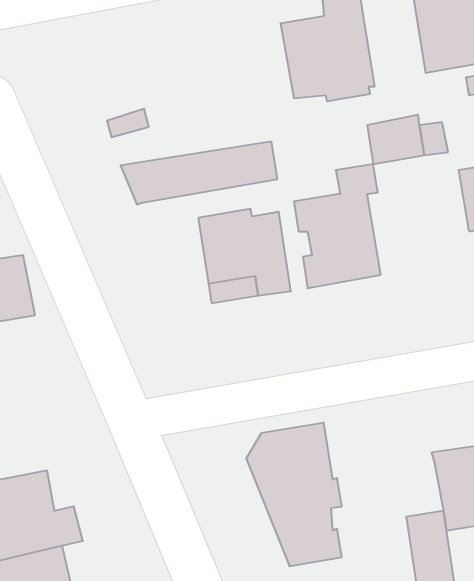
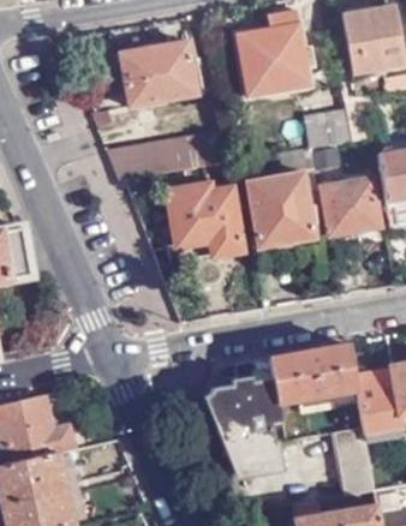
building: none -> [98,41,201,104]
building: none -> [320,180,378,237]
building: none -> [269,342,358,401]

